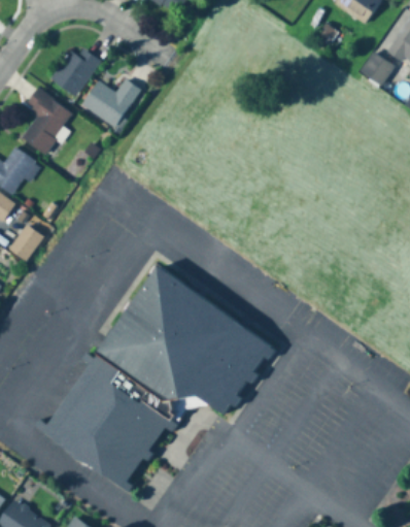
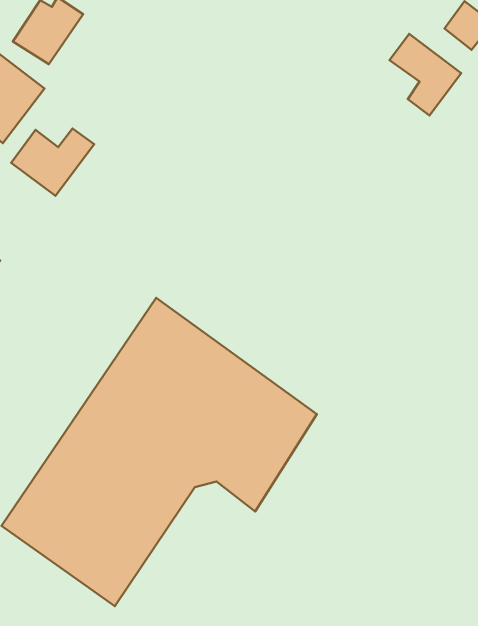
building: none -> [389,34,461,116]
building: [81,79,141,128] -> [11,129,94,196]

